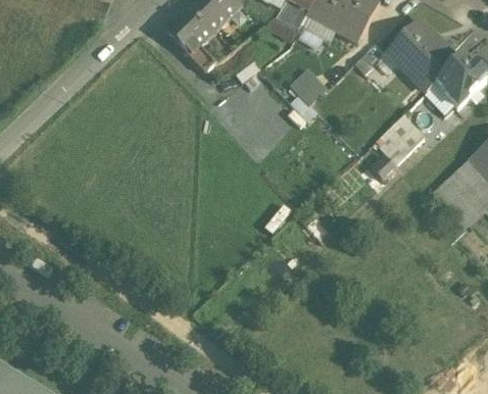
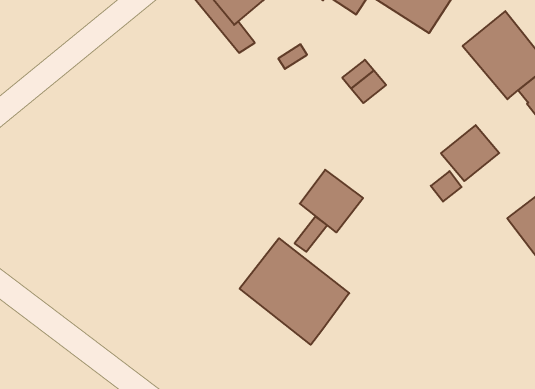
building: none -> [300,170,363,232]
building: none -> [240,238,349,345]

